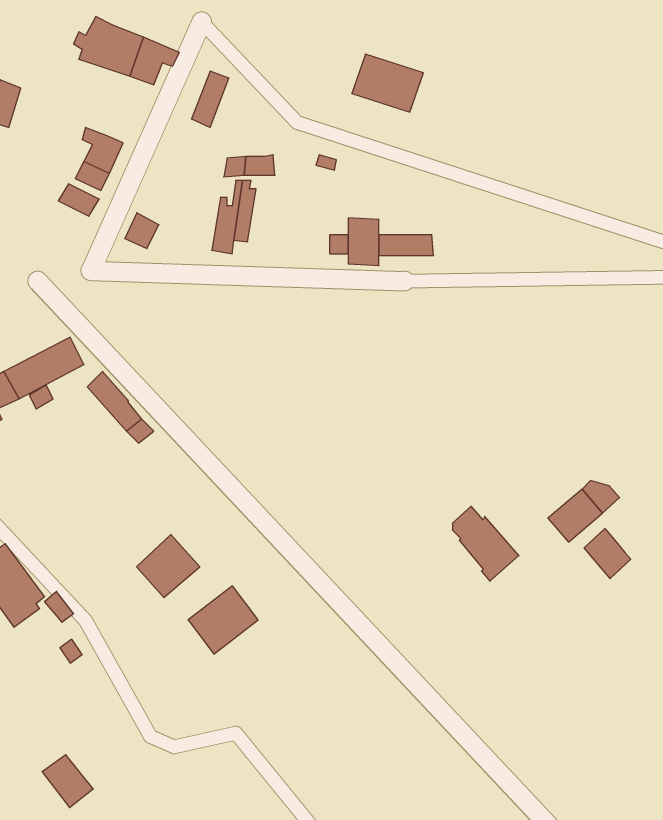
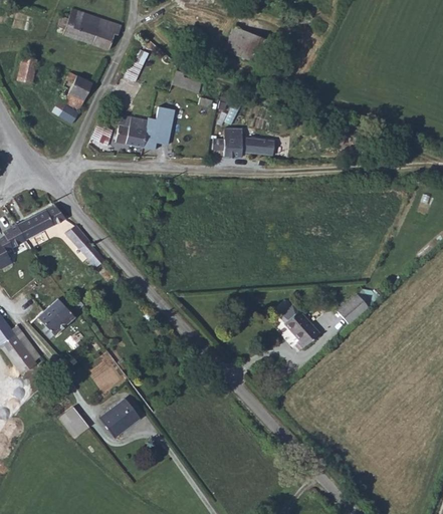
building: none -> [114,122,144,151]
building: [584,529,631,579] -> none
building: [137,535,200,598] -> [39,296,76,333]
building: [188,586,258,654] -> [100,396,142,436]
building: [42,755,93,808] -> [60,405,90,436]

